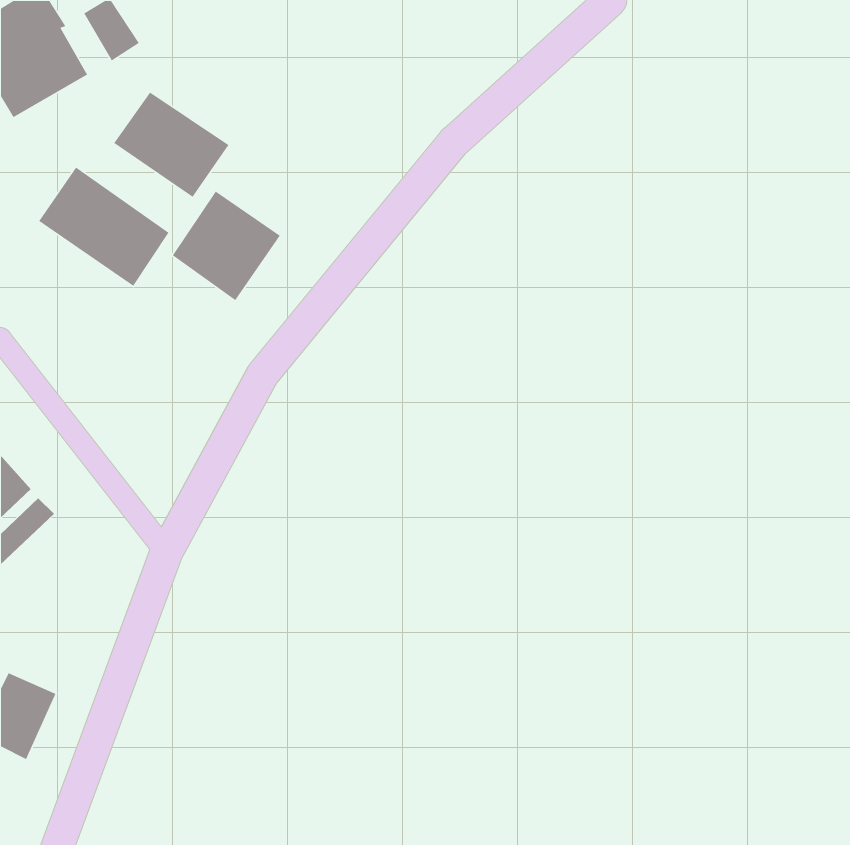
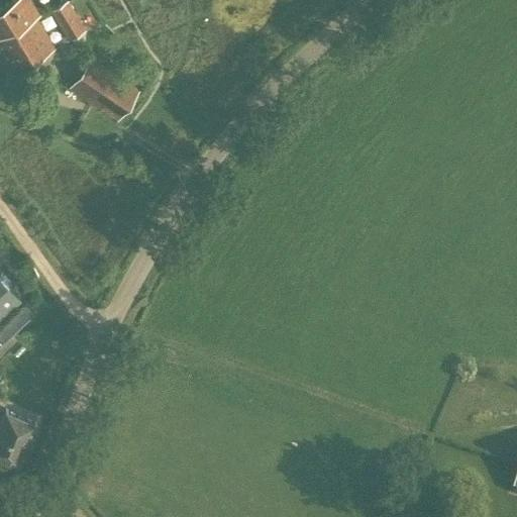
building: [38,166,169,287] -> none
building: [172,191,281,301] -> none

